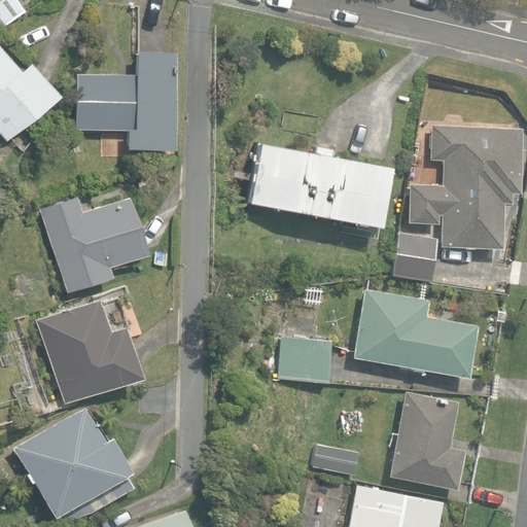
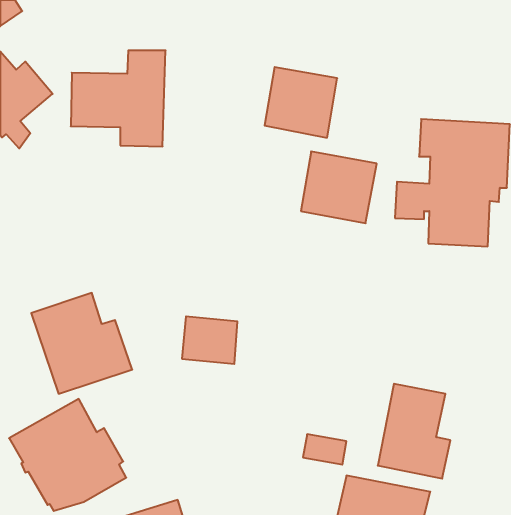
building: [248,144,322,216] -> [265,67,337,138]
building: [40,197,146,293] -> none
building: [393,233,438,281] -> none
building: [354,289,478,378] -> none
building: [277,336,333,384] -> [182,316,237,364]

